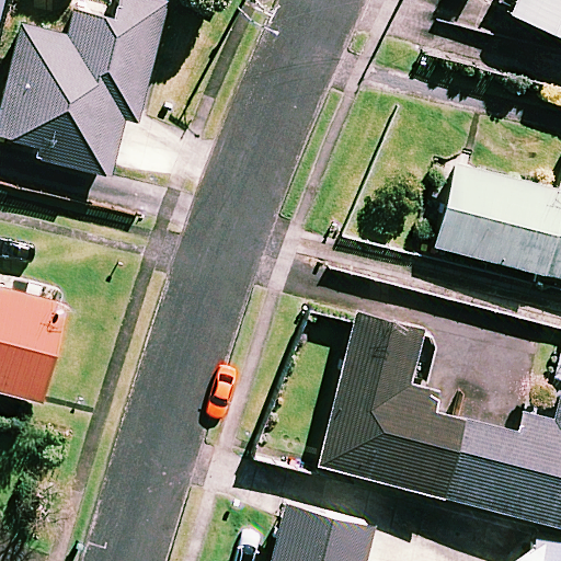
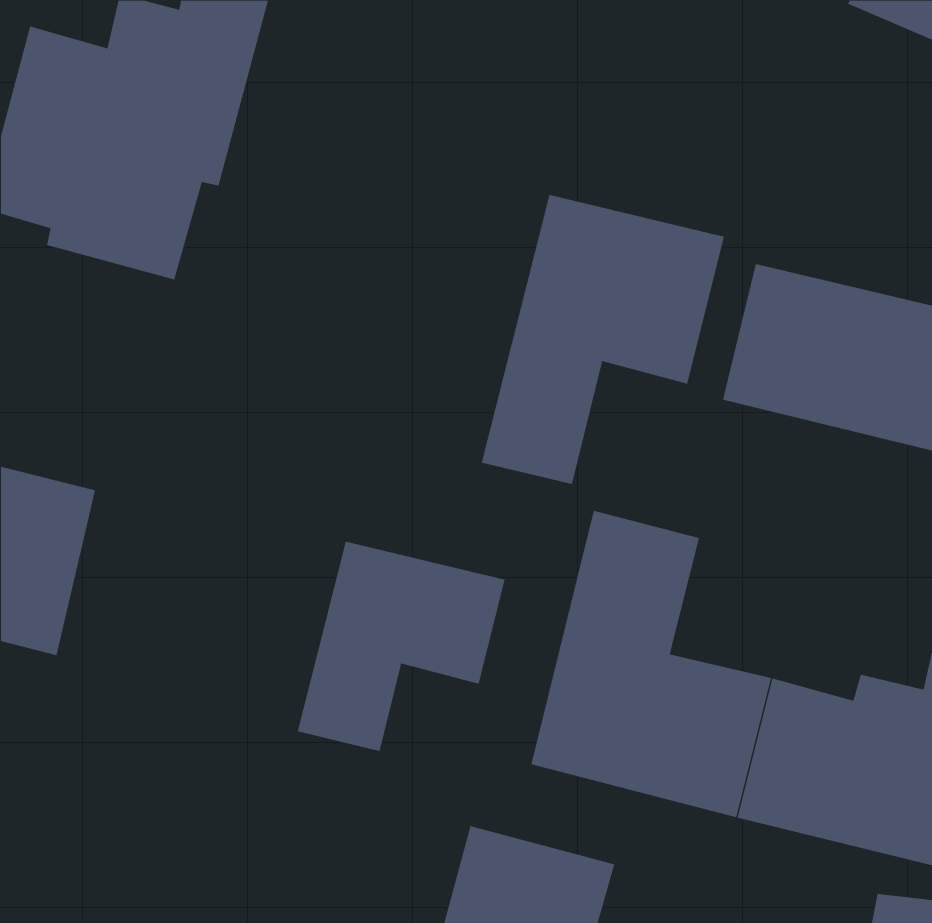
building: none -> [481,194,725,485]
building: none -> [297,541,505,752]

